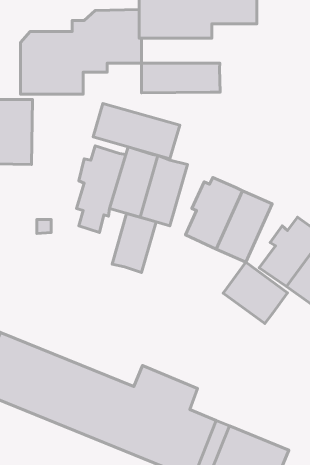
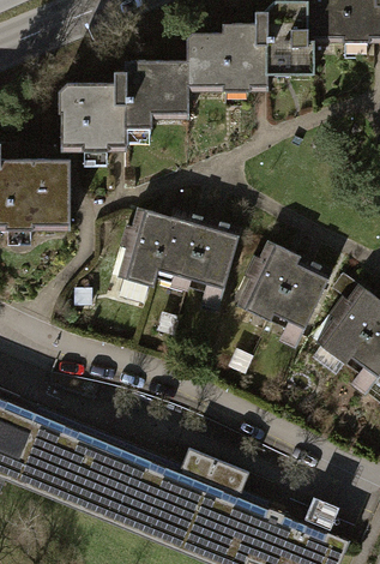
building: [141,63,220,93] -> none
building: [93,103,180,159] -> none
building: [112,214,156,272] -> none
building: [223,262,288,324] -> none

